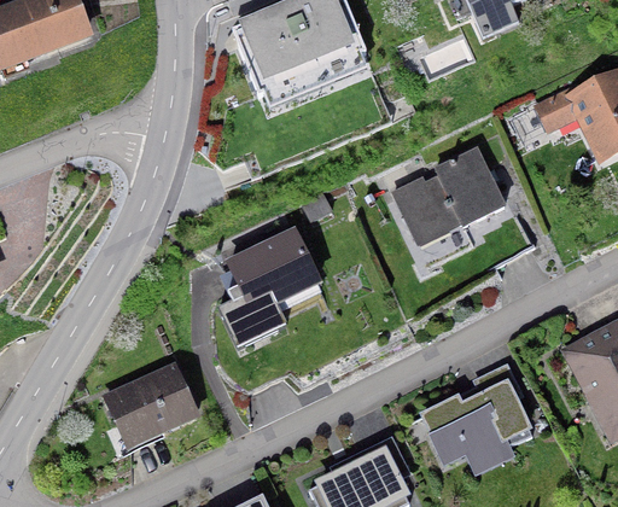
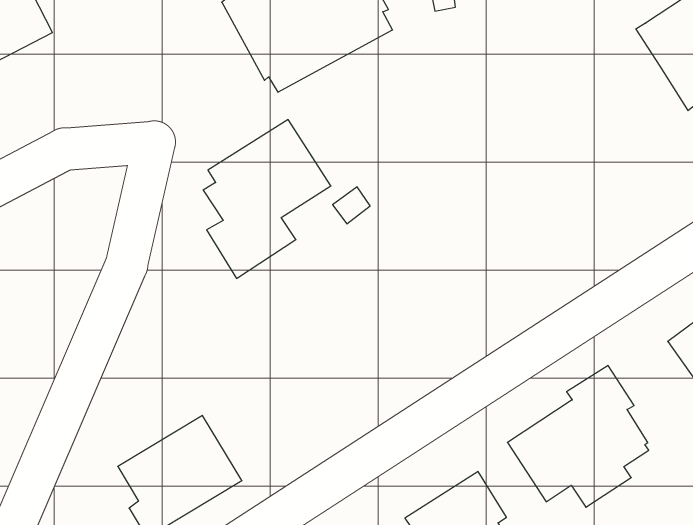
building: [534,86,581,134] -> none
building: [391,146,507,252] -> none
building: [217,227,322,350] -> [203,120,331,278]

